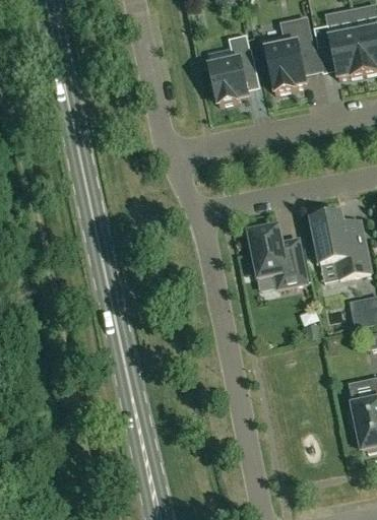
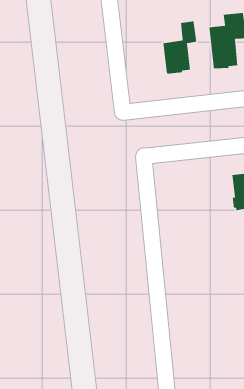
building: [249,221,306,284] -> none

